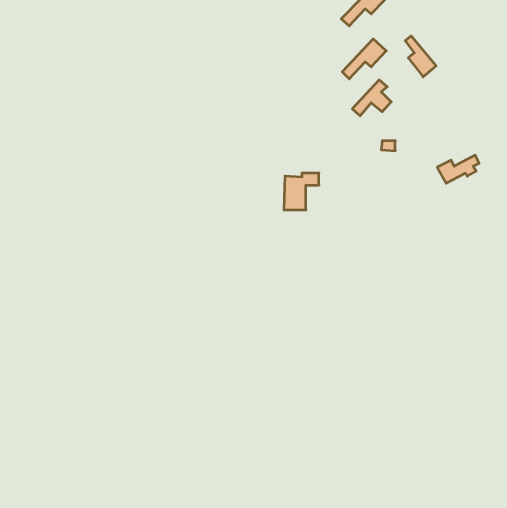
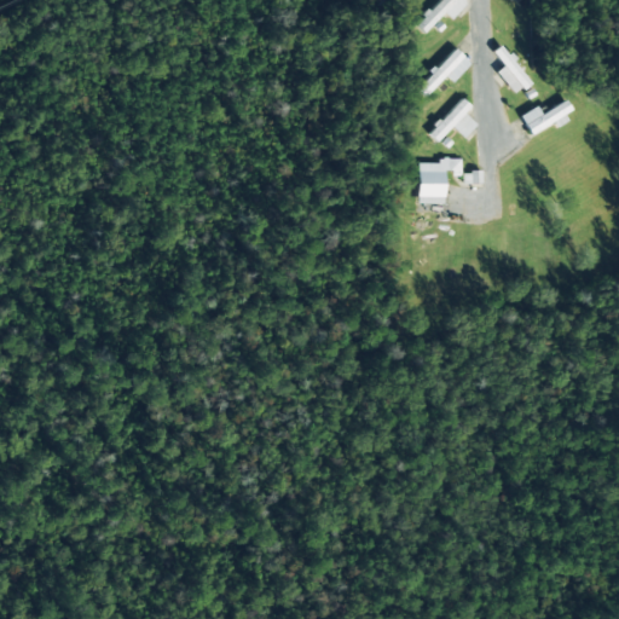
building: [437,155,479,183] -> [522,99,573,133]
building: [284,173,319,210] -> [420,157,462,202]

